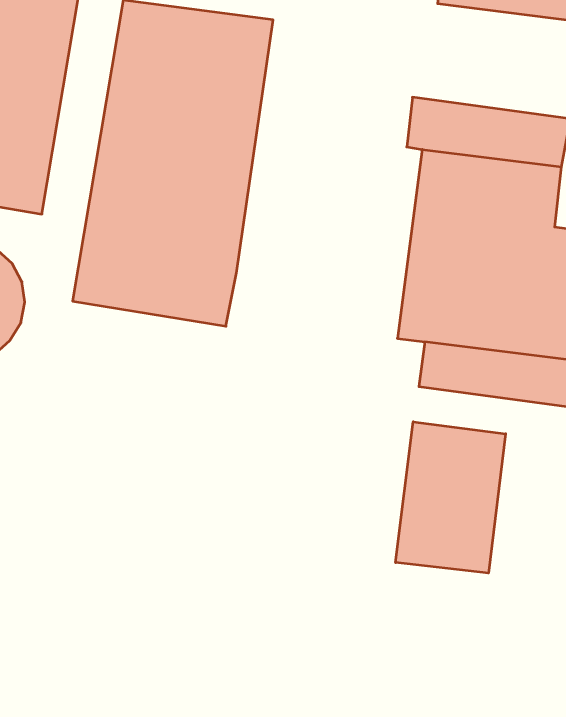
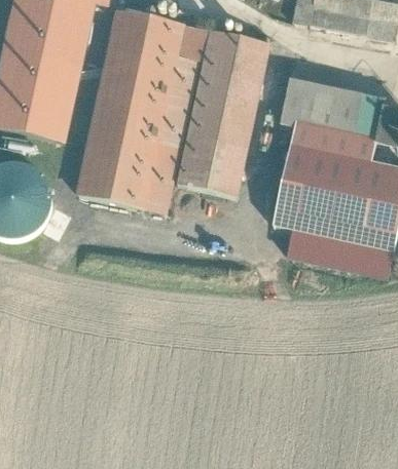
building: none -> [178,30,272,193]
building: [396,422,506,573] -> none

